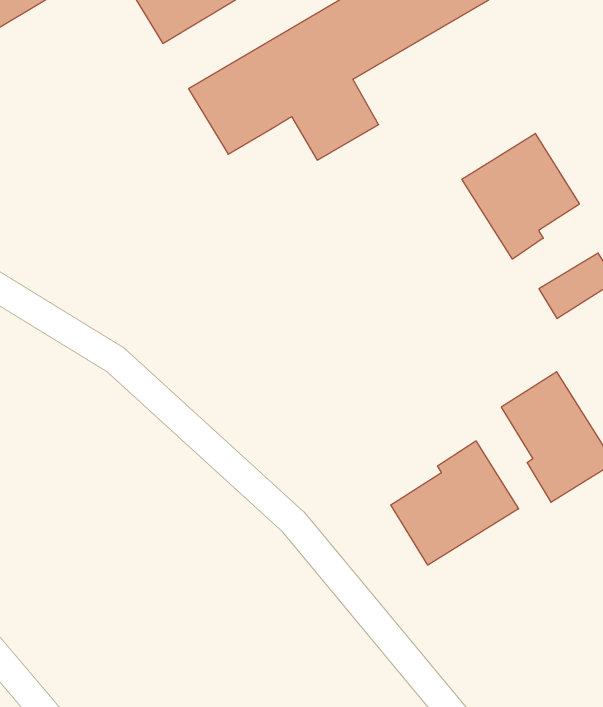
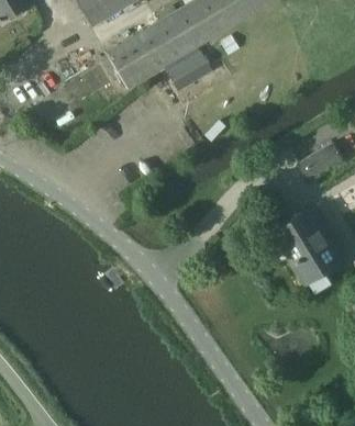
building: [462,133,579,259] -> none
building: [391,441,519,565] -> none

